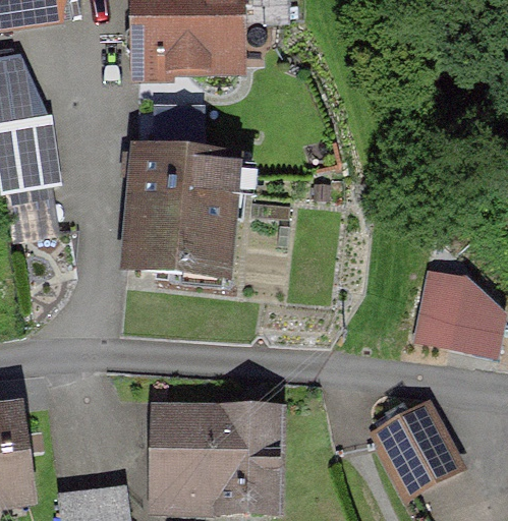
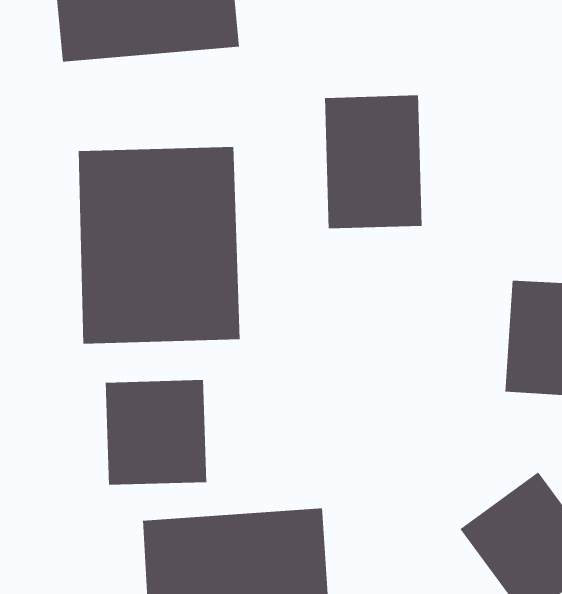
building: none -> [324,95,422,229]
building: none -> [105,379,207,486]

